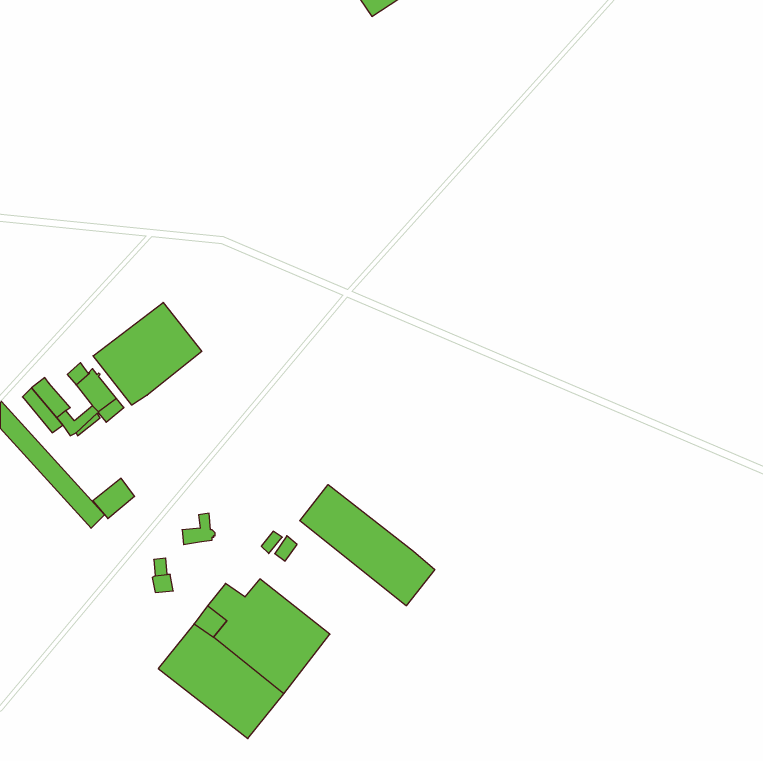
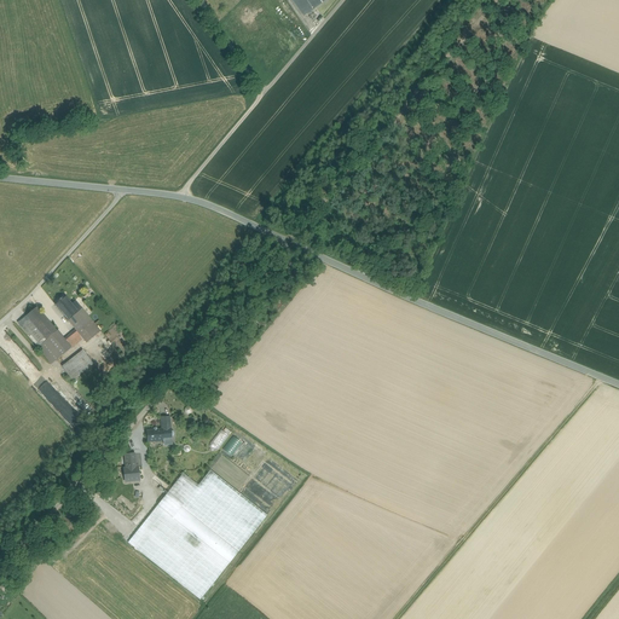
building: [93,302,202,405] -> none
building: [93,478,135,519] -> [58,348,92,381]
building: [300,485,435,606] -> none

